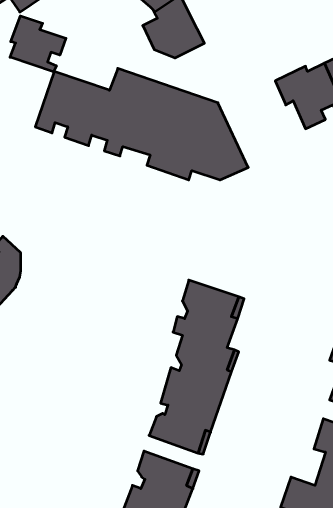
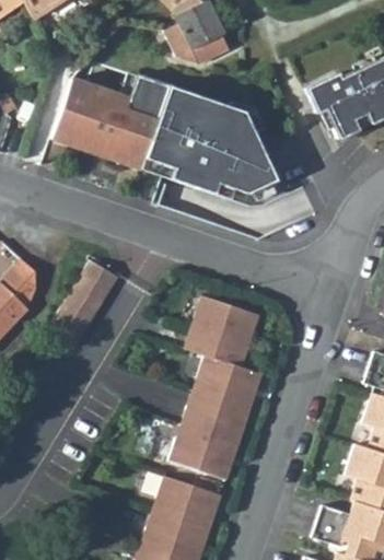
building: [10,16,66,72] -> none
building: none -> [54,257,120,342]

